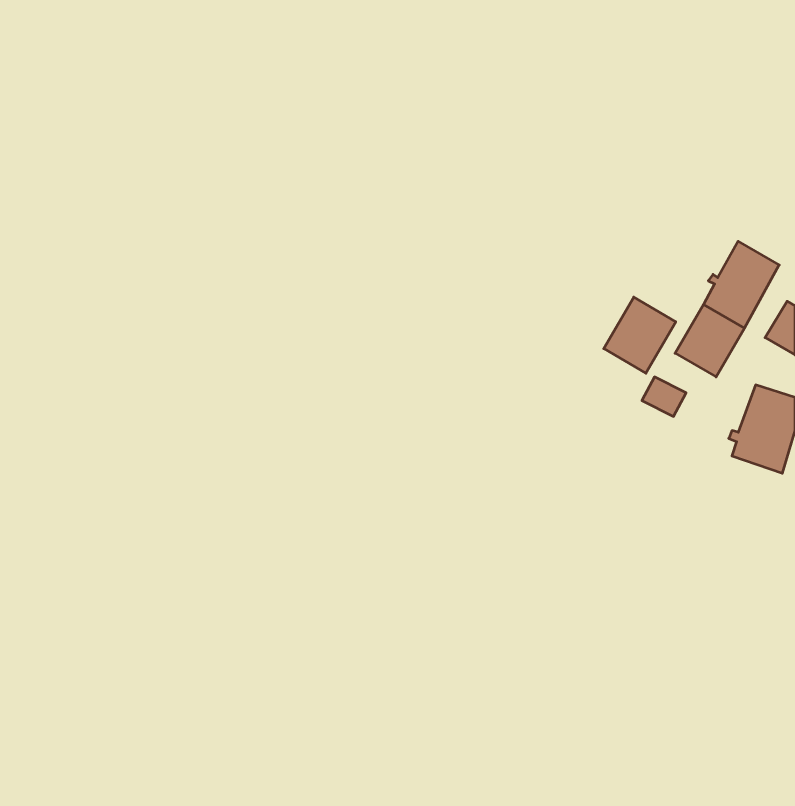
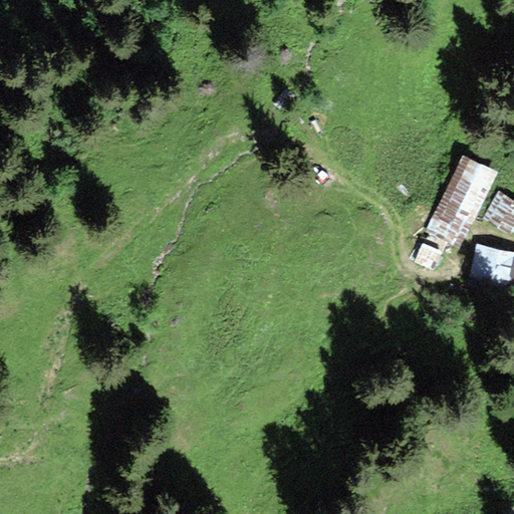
building: [604,297,676,373] -> none

